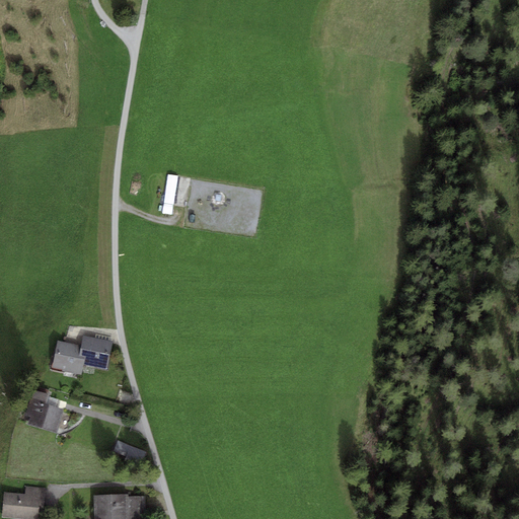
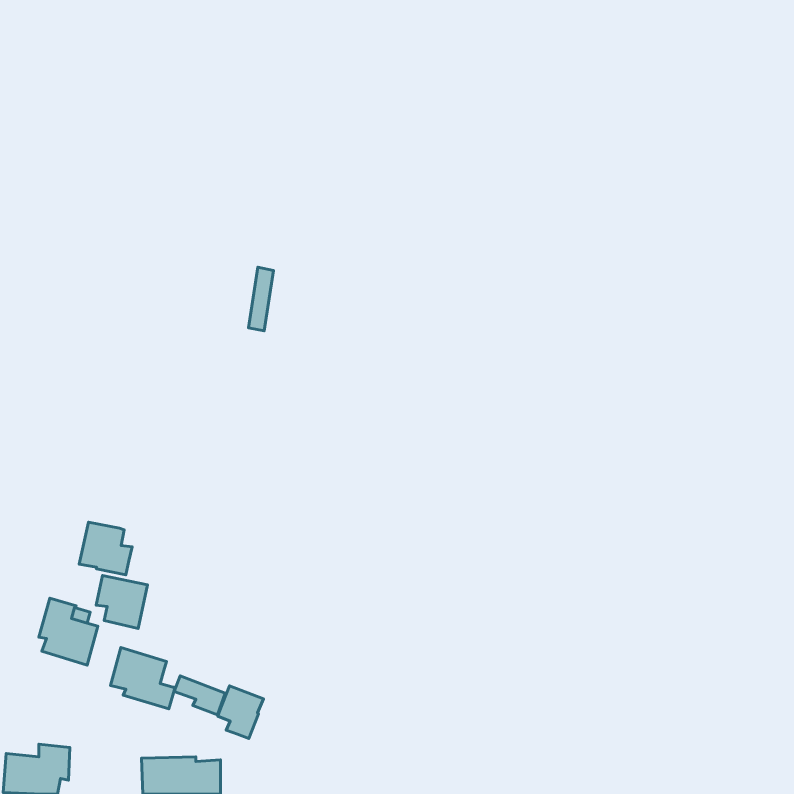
building: [79,337,113,371] -> [96,576,148,628]
building: none -> [110,648,175,709]
building: none -> [218,686,263,739]

